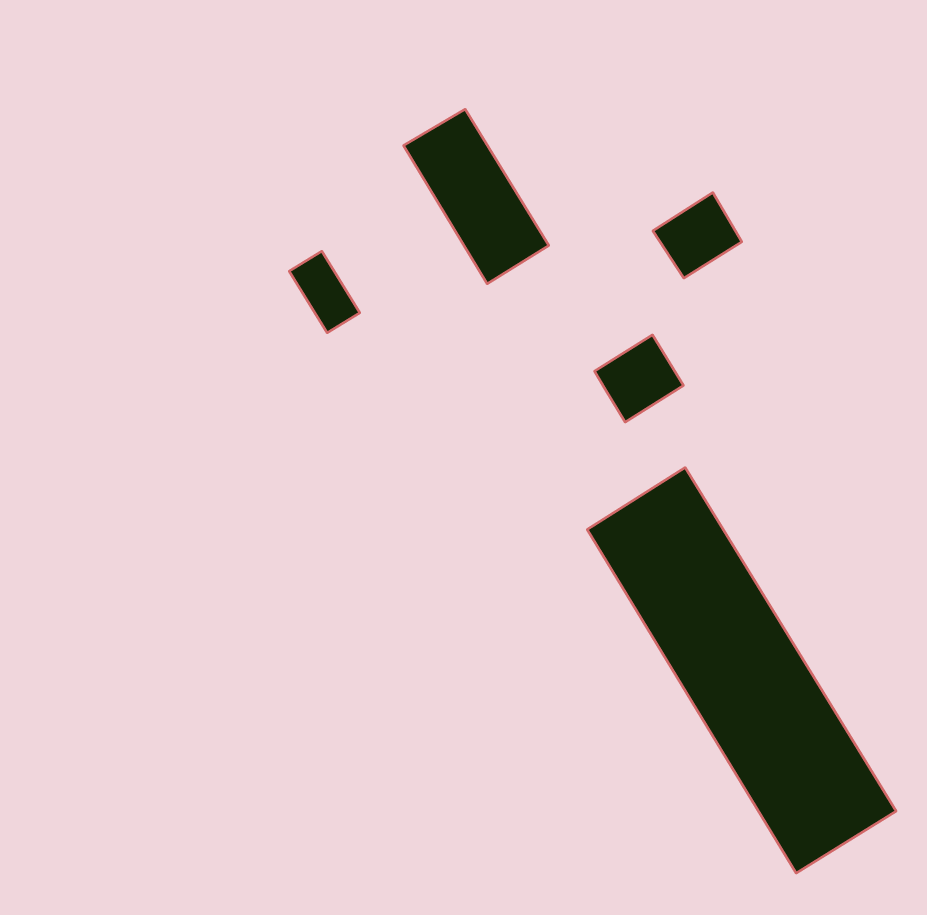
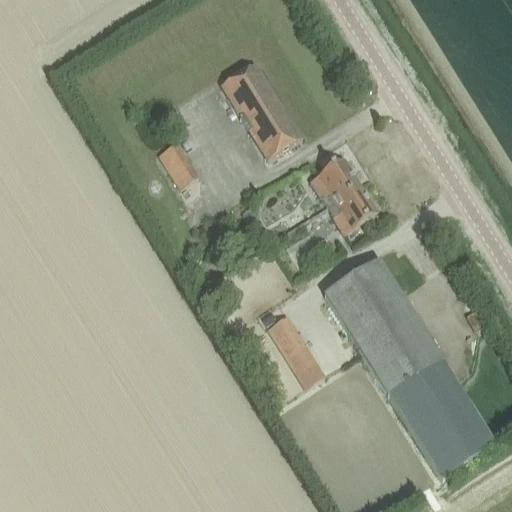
building: [653,193,742,278] -> [310,157,359,204]
building: none -> [266,313,322,386]

